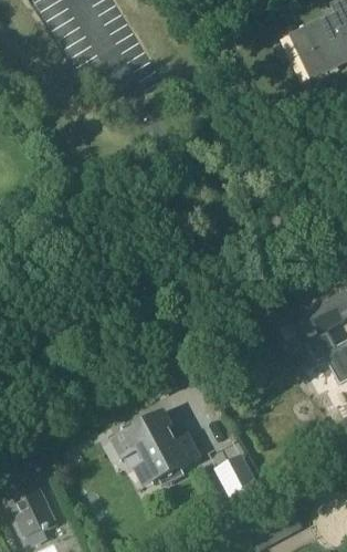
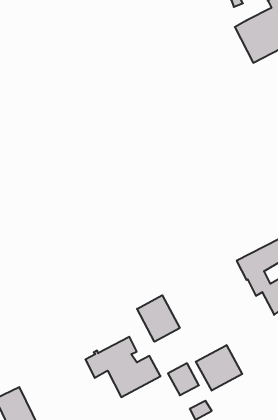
building: none -> [137,295,180,342]
building: none -> [196,345,242,391]

